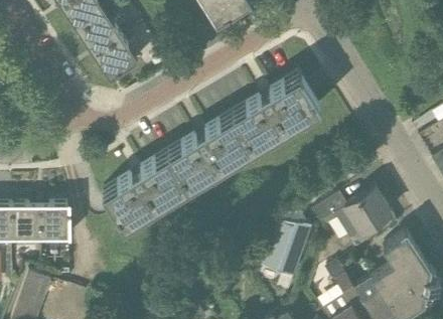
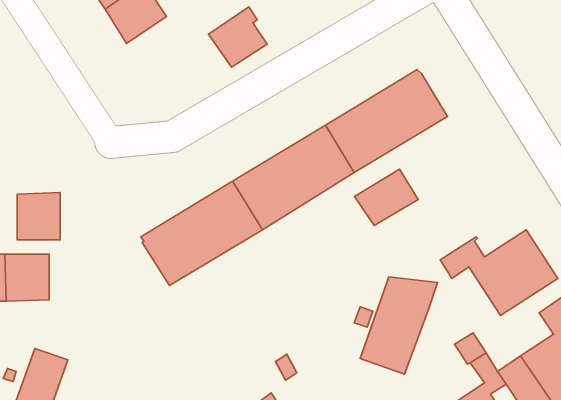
building: [95,39,136,82] -> [209,7,267,67]
building: none -> [354,169,418,226]
building: [40,205,70,238] -> [17,193,60,240]

